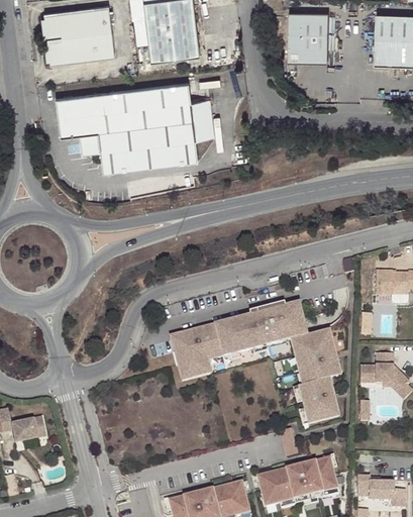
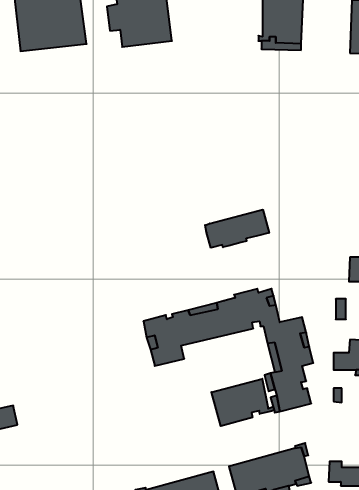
building: [55,81,215,171] -> none
building: none -> [205,210,269,248]
building: none -> [211,379,274,426]

